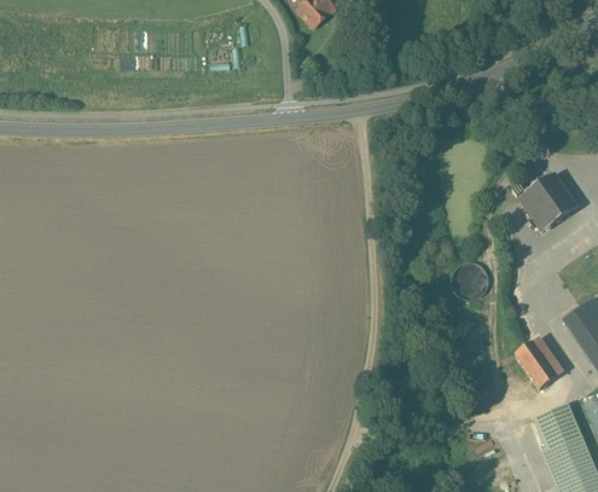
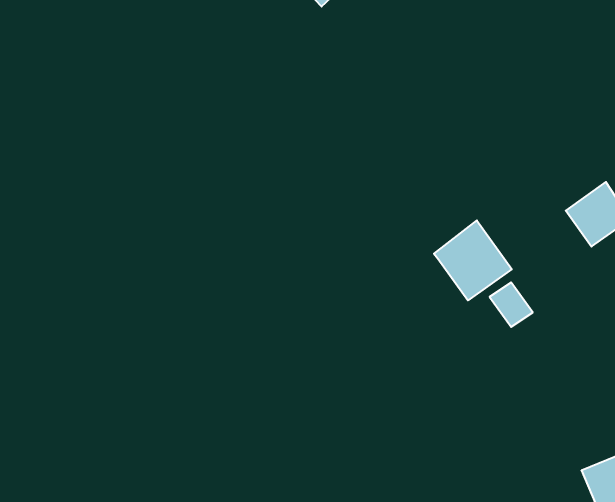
building: none -> [434,220,512,300]
building: [516,342,556,388] -> none

